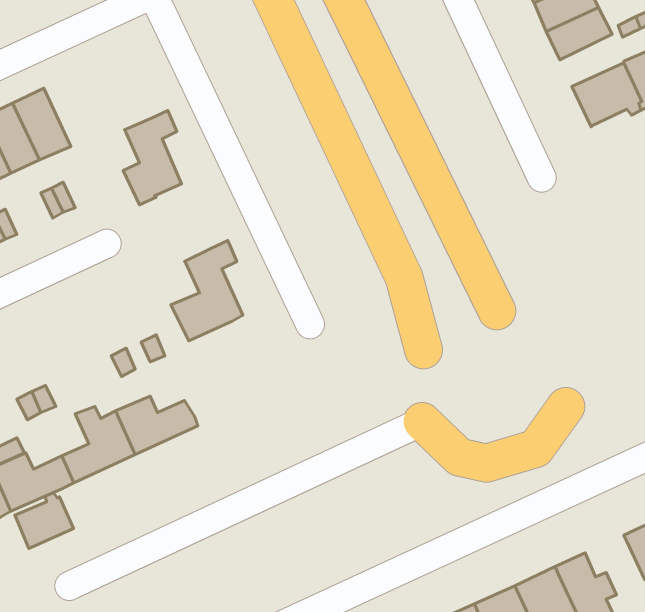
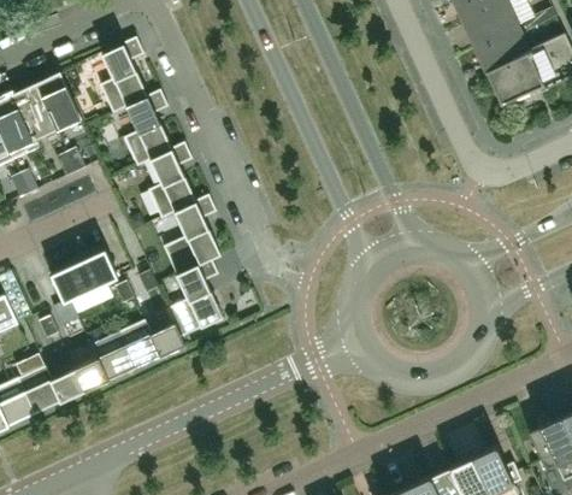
building: none -> [476,29,527,71]
building: none -> [100,37,147,114]
building: none -> [148,143,195,219]
building: none -> [51,249,118,302]
building: none -> [166,260,223,337]
building: [15,493,74,548] -> none

